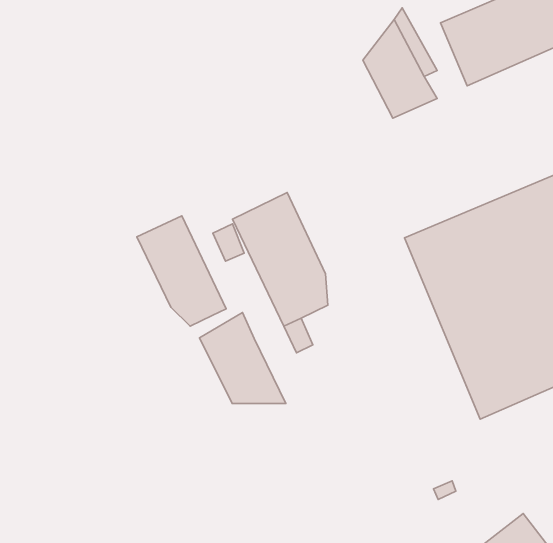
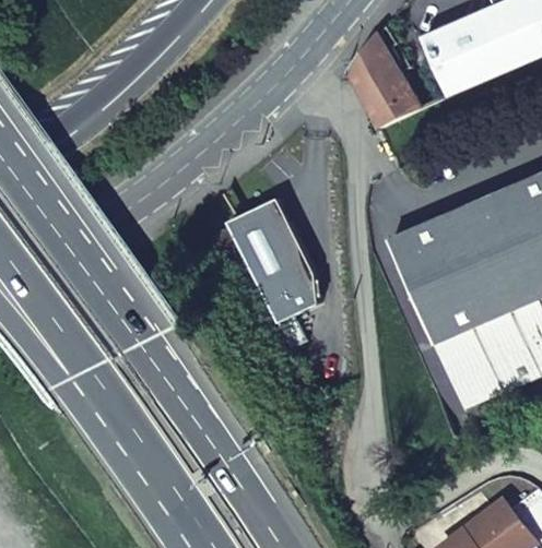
building: [137,216,226,326] -> none
building: [200,313,286,403] -> none

